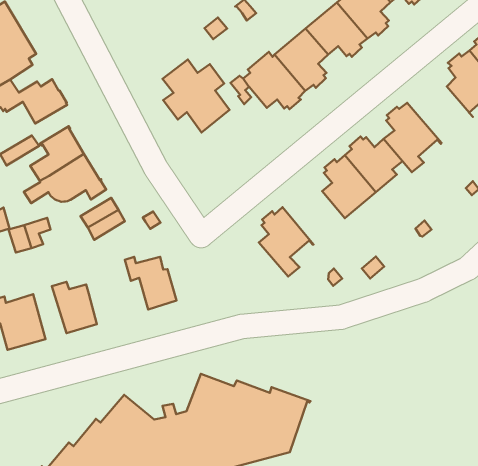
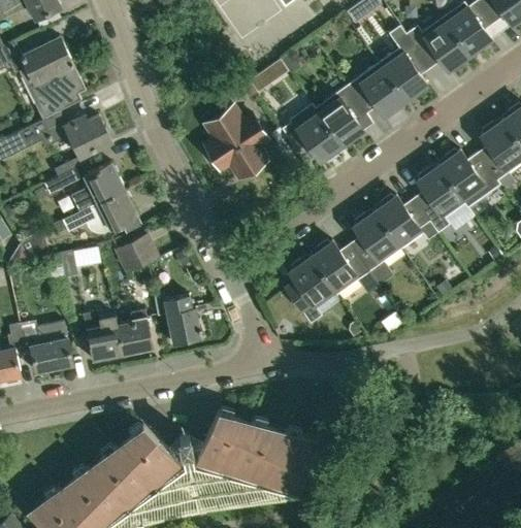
building: none -> [438,148,500,206]
building: none -> [311,239,369,294]
building: none -> [118,308,153,354]

